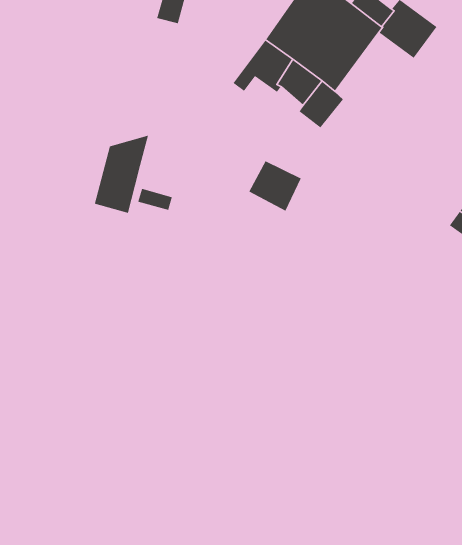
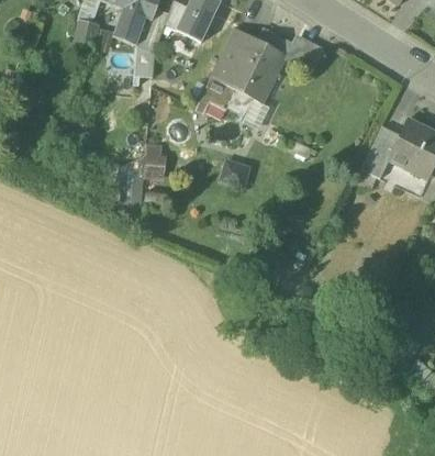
building: none -> [143,143,167,180]

